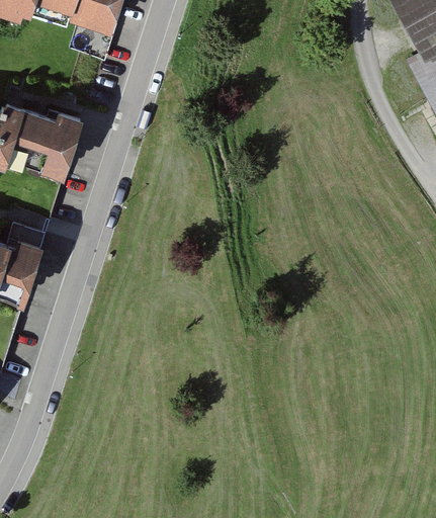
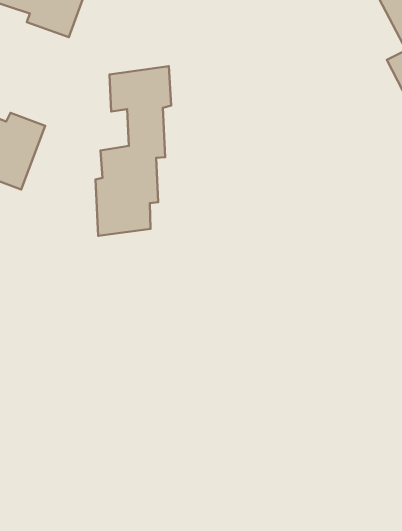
building: none -> [95,66,171,236]

